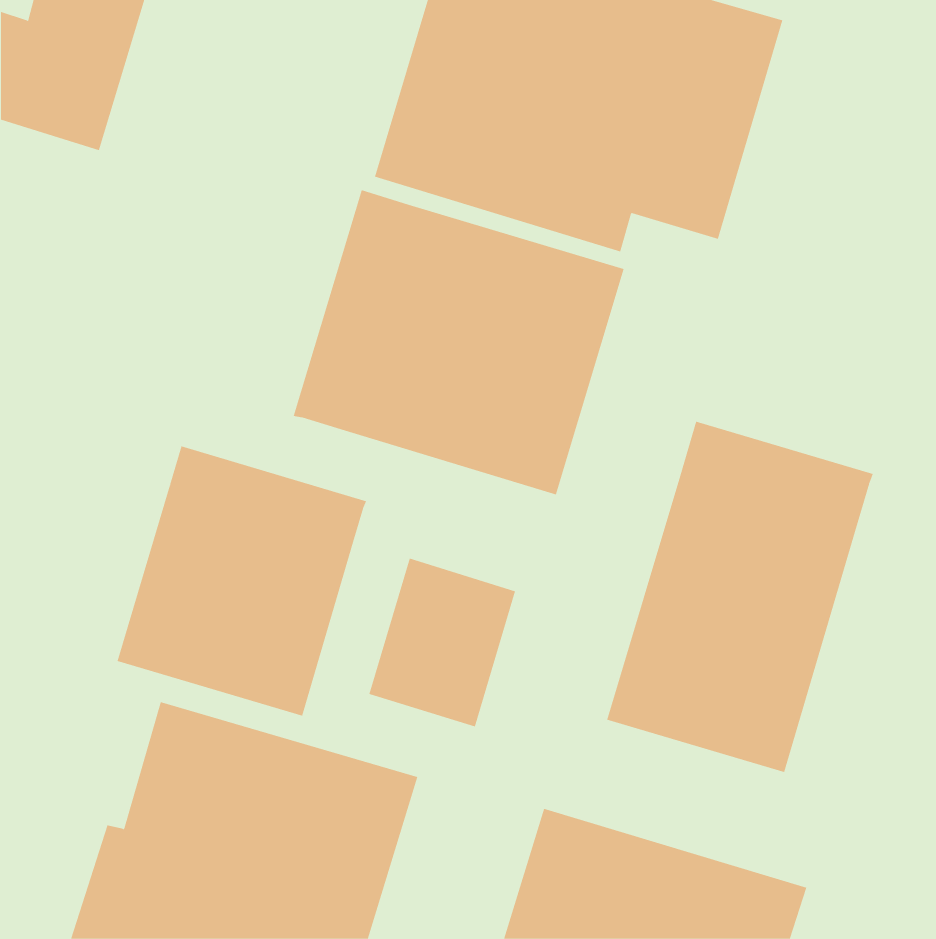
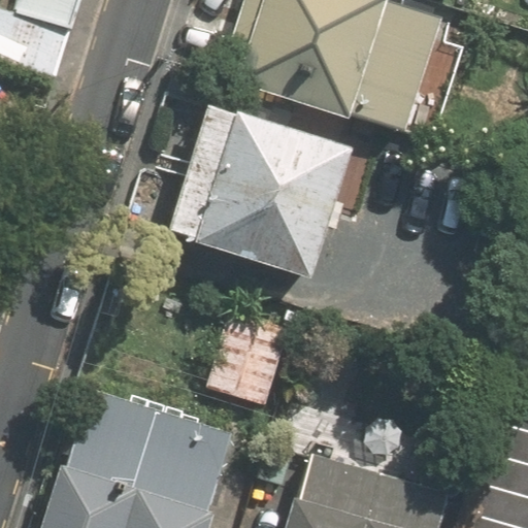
building: [607,421,873,773] -> none
building: [117,446,367,717] -> none

